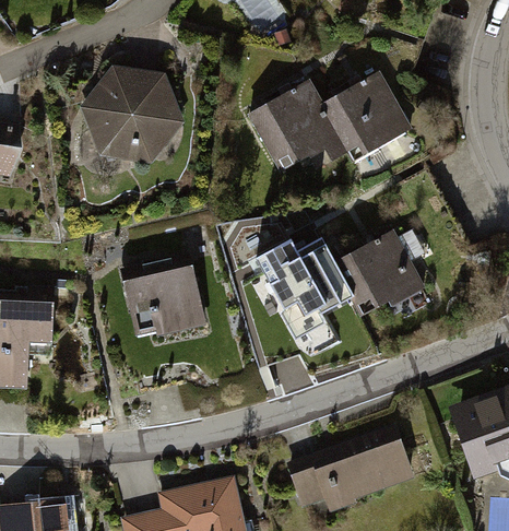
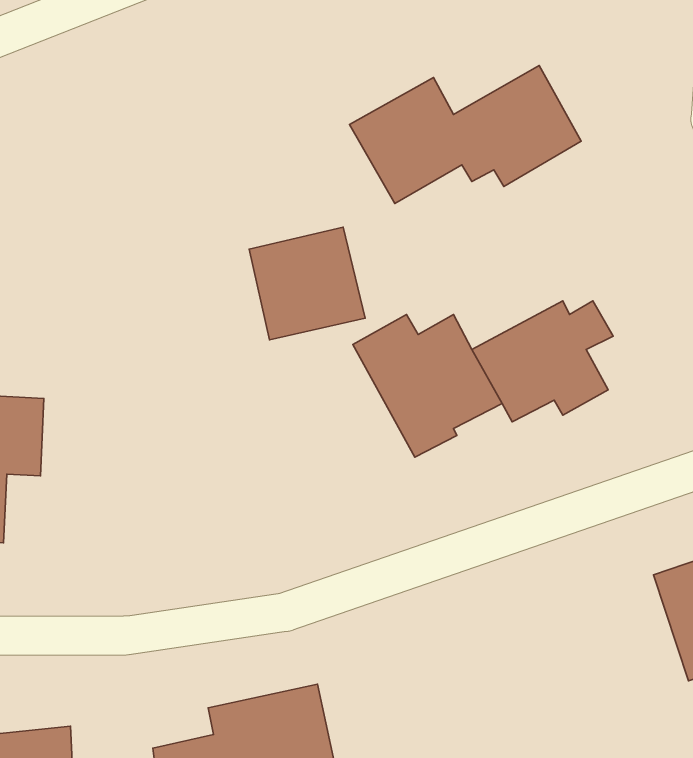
building: [84,71,181,161] -> none
building: [138,270,213,343] -> [249,227,365,340]
building: [292,428,410,506] -> none

